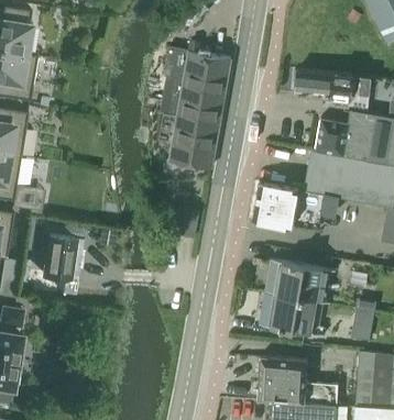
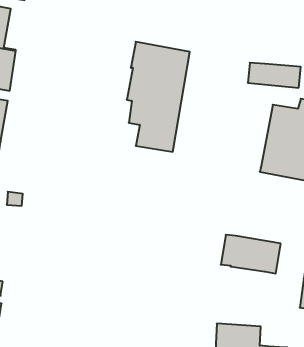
building: [252,181,298,229] -> none
building: [29,235,75,296] -> none
building: [269,295,311,333] -> none

